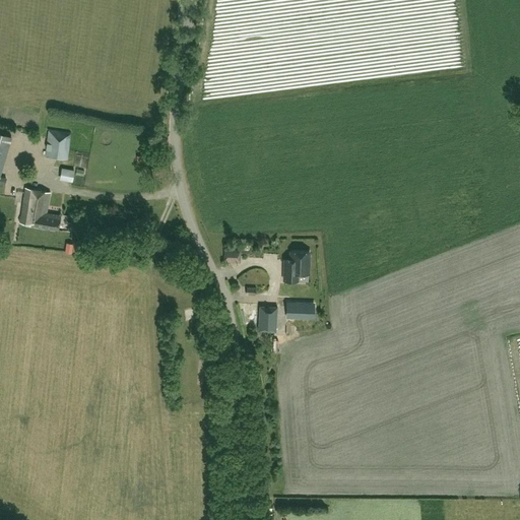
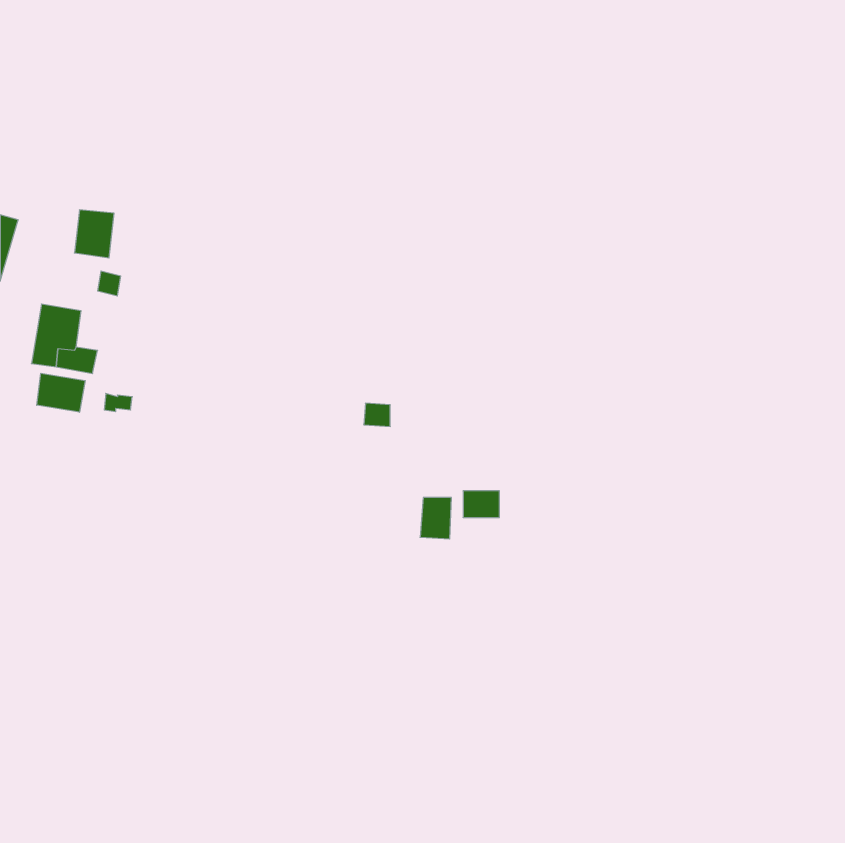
building: none -> [37,373,85,412]
building: [282,252,311,281] -> none

